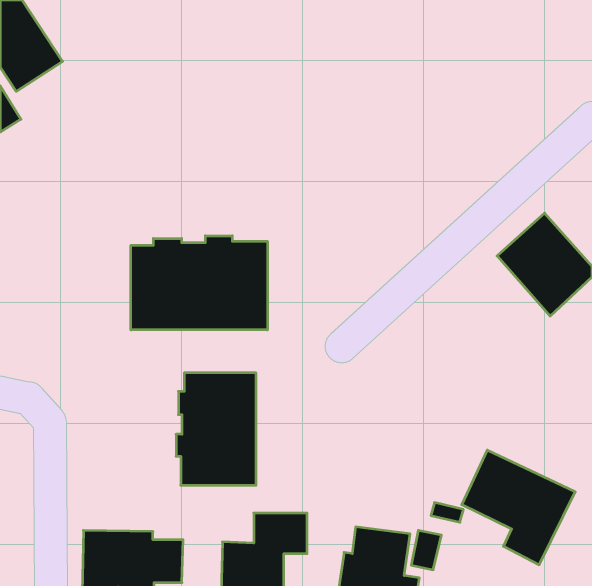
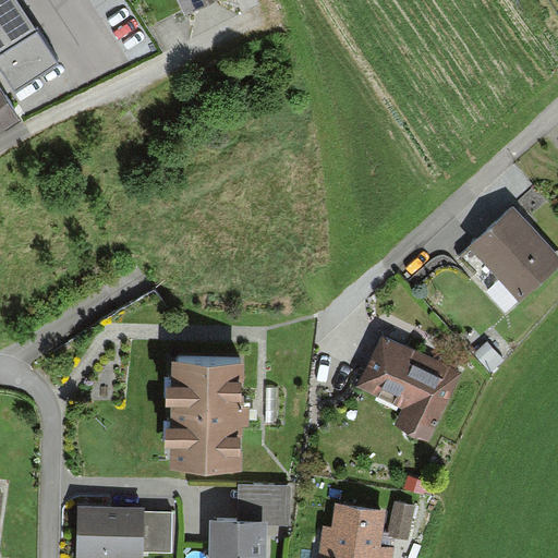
building: [131,236,267,330] -> none
building: [462,450,575,565] -> [355,335,462,442]

